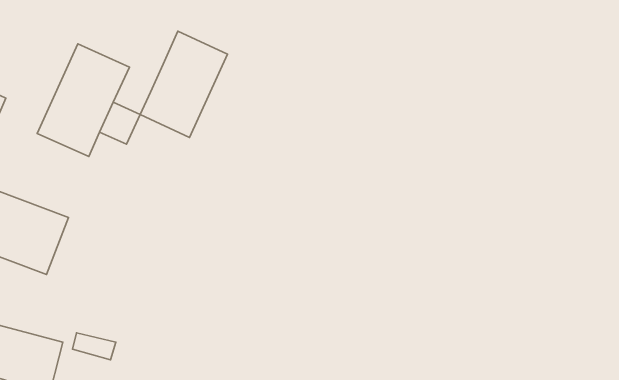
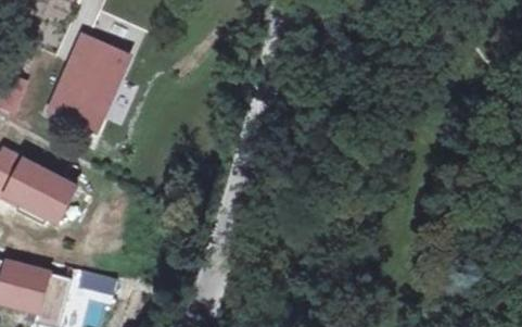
building: [140,31,227,137] -> none

